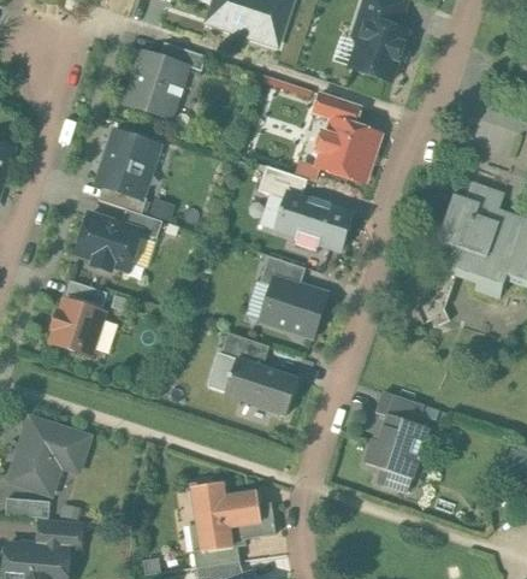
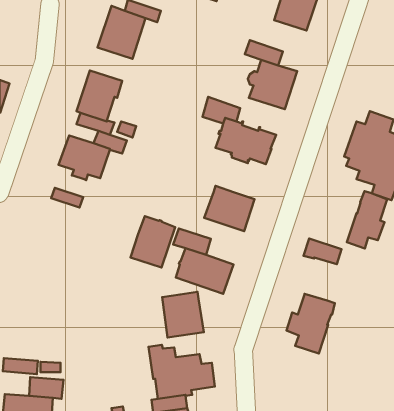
building: [259,255,304,286] -> none
building: none -> [347,191,387,248]
building: [49,299,103,355] -> none
building: none -> [130,216,175,268]
building: [374,391,422,424] -> [304,239,341,264]
building: none -> [162,292,204,337]
building: [7,416,88,494] -> none

